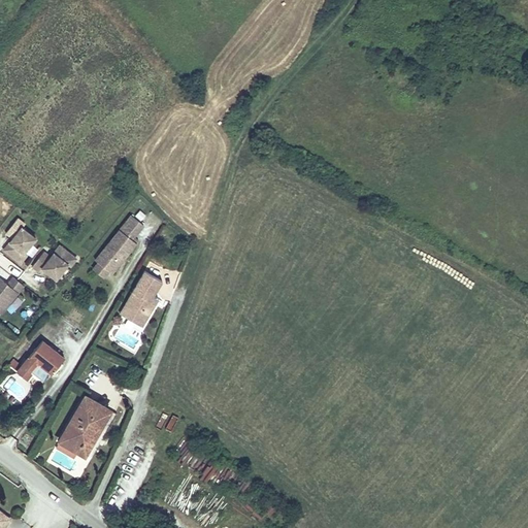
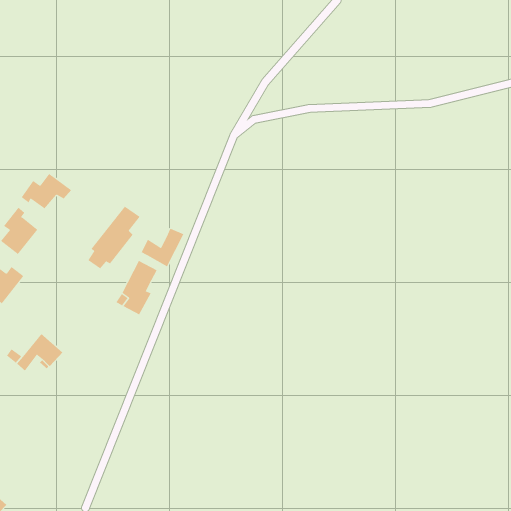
building: none -> [141,228,184,267]
building: [30,241,82,278] -> [21,173,72,209]
building: [61,406,110,463] -> none

